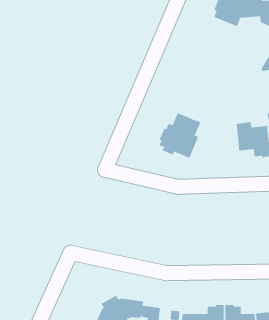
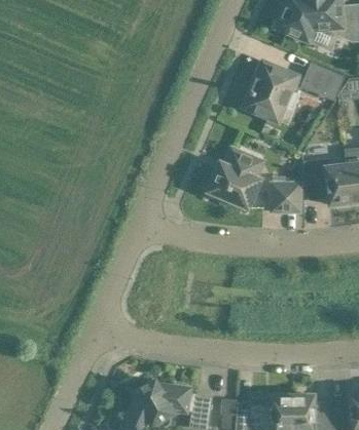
building: none -> [246,64,343,121]
building: none -> [273,184,299,208]

